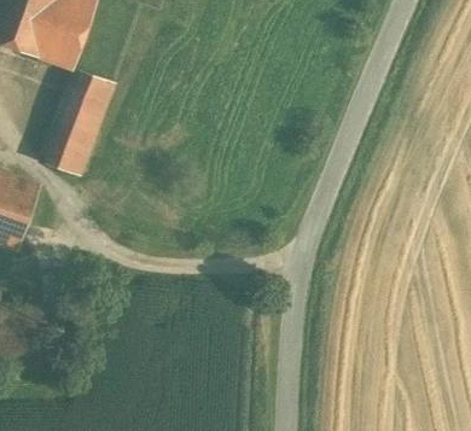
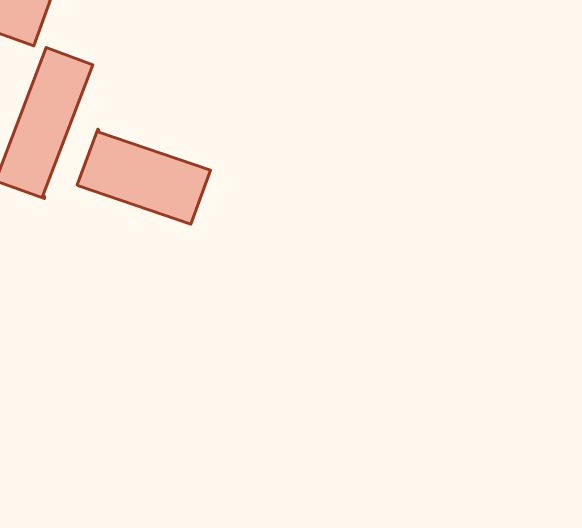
building: none -> [77,129,210,224]

